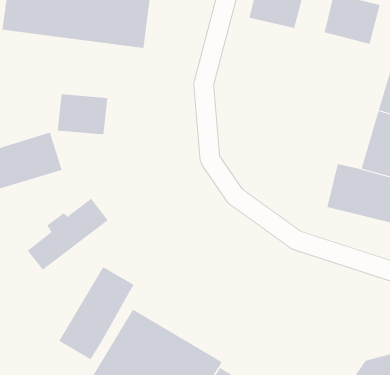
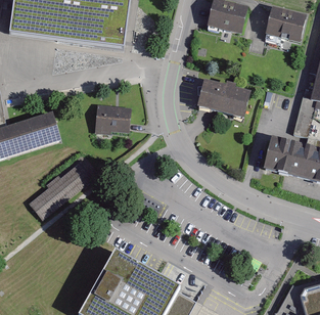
building: none -> [195,76,252,118]
building: [57,94,108,135] -> [96,105,136,137]
building: [59,266,134,360] -> none

